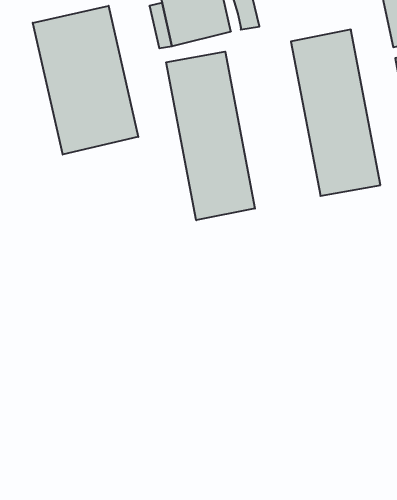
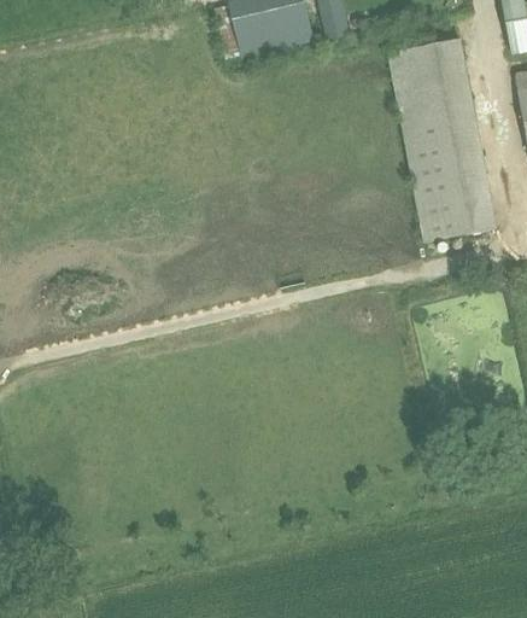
building: [33,6,138,155] -> none
building: [166,52,255,220] -> none

